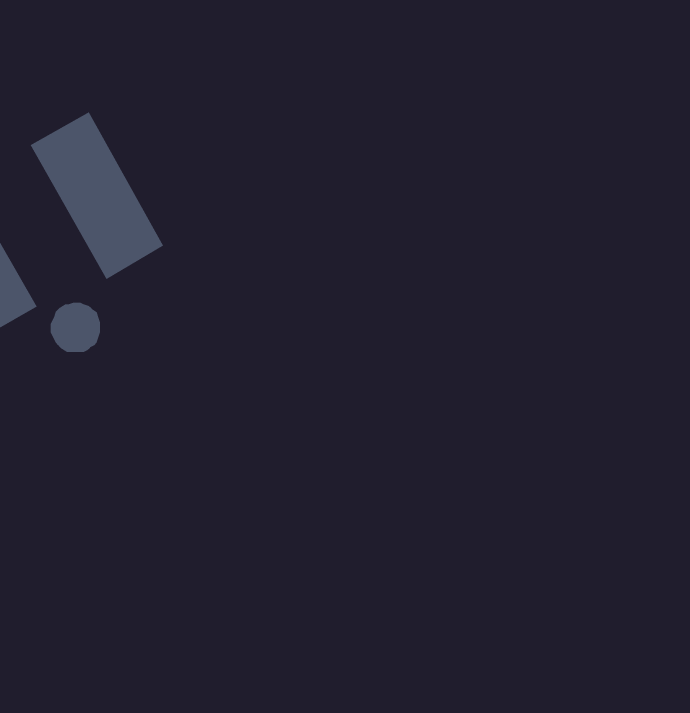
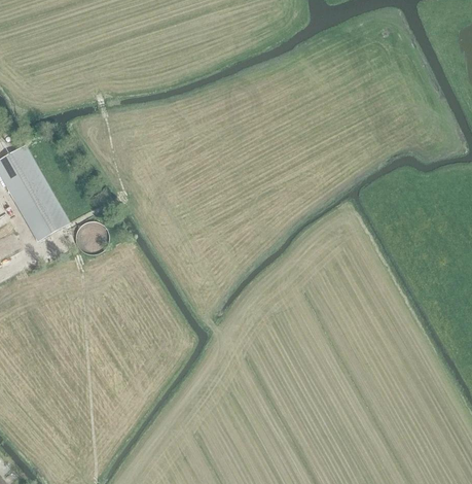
building: [30,111,164,280] -> none

